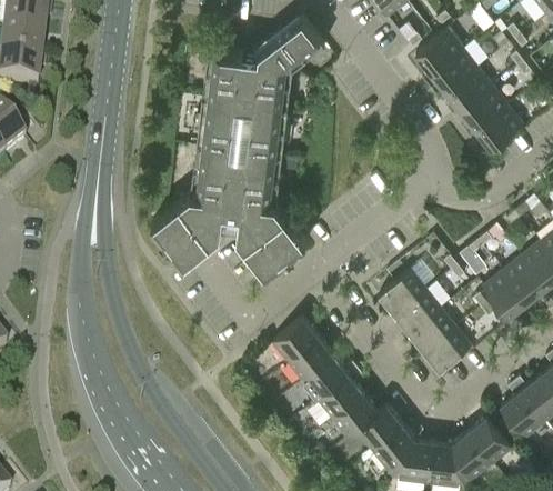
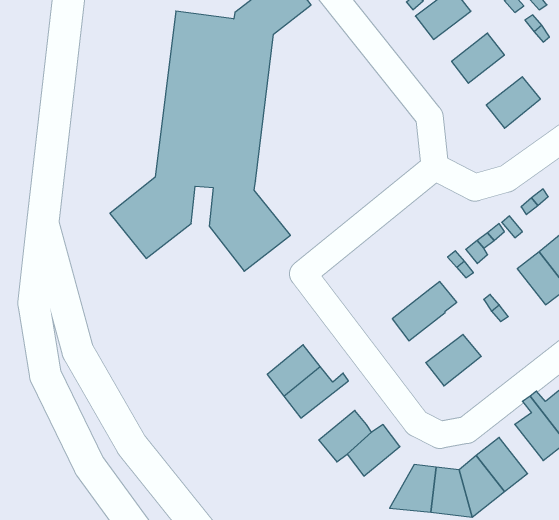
building: [430,49,476,92] -> none
building: [460,87,506,130] -> none
building: [379,270,425,314] -> none
building: [482,271,526,318] -> none
building: [409,309,455,352] -> none
building: [271,318,318,362] -> none
building: [315,368,362,419] -> none
building: [370,424,413,478] -> none

